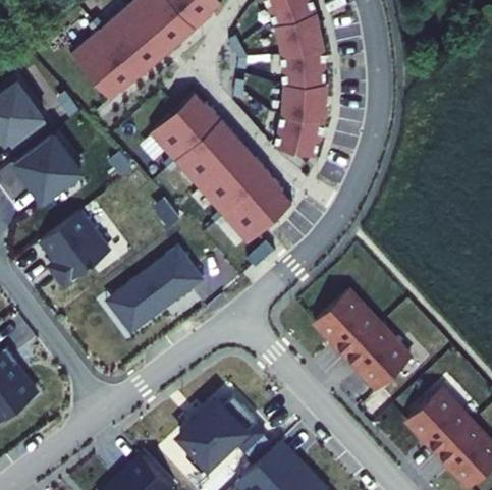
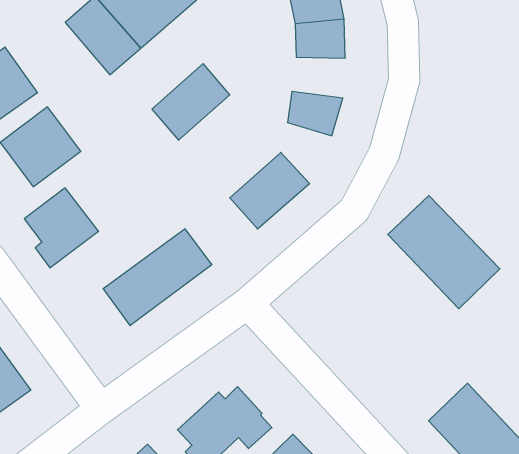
building: [278,88,327,125] -> none
building: [174,122,268,217] -> none
building: [311,288,414,392] -> [388,196,500,309]

